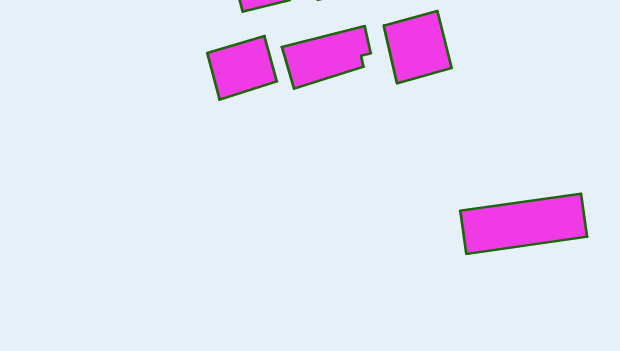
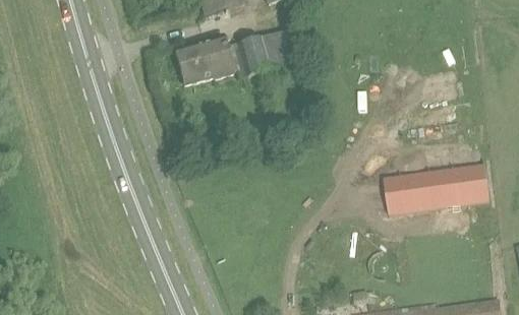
building: [384,11,452,83] -> none

